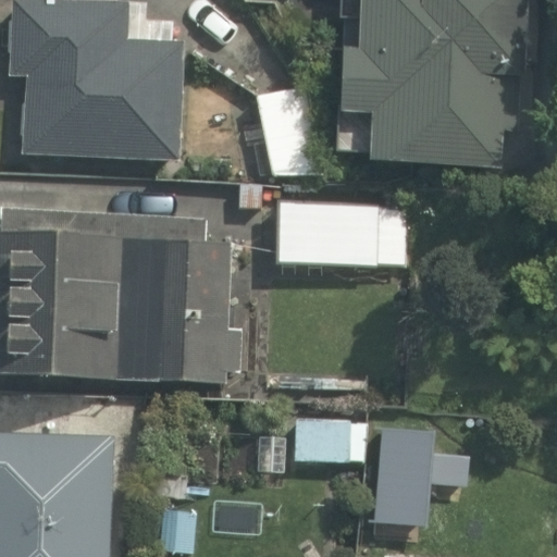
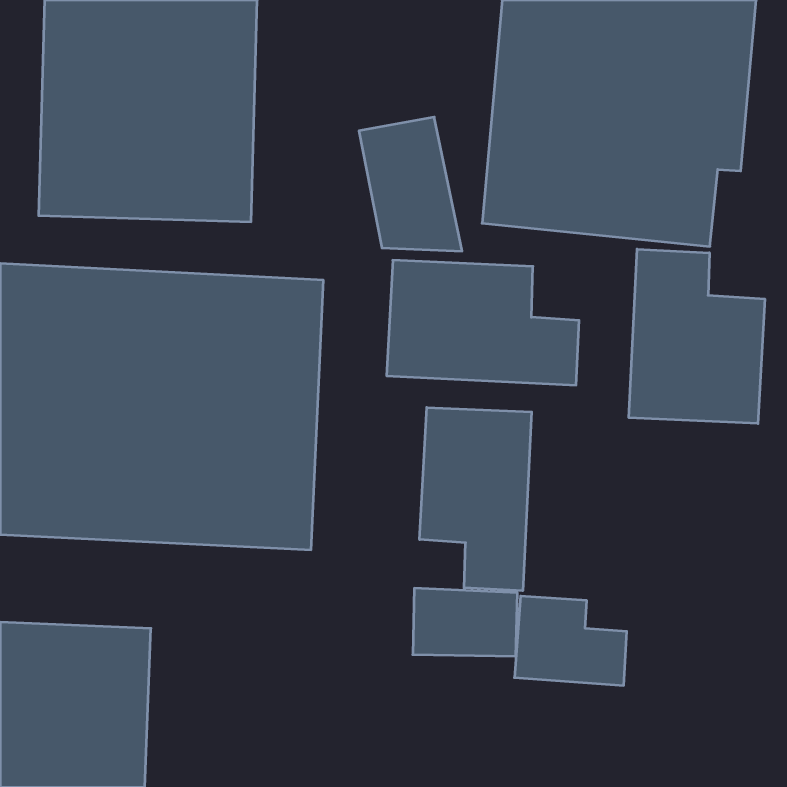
building: none -> [629,249,765,424]
building: none -> [420,407,532,591]

